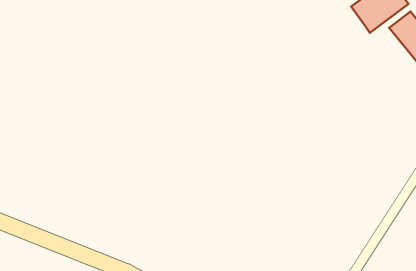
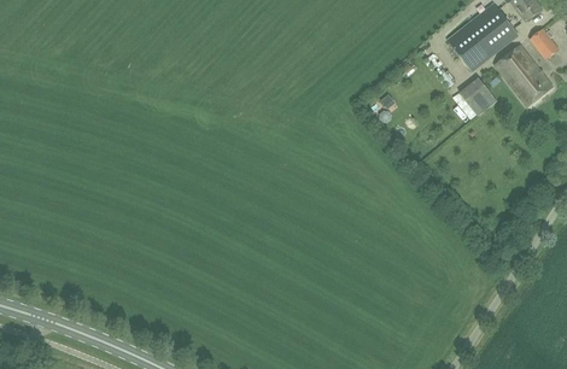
building: none -> [460,77,497,115]

